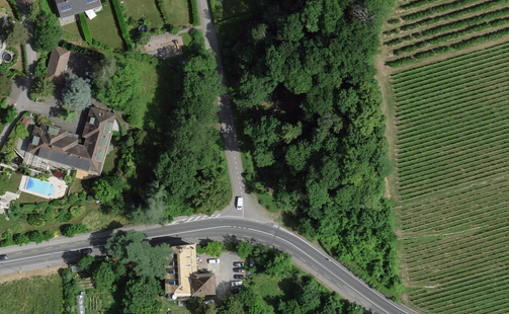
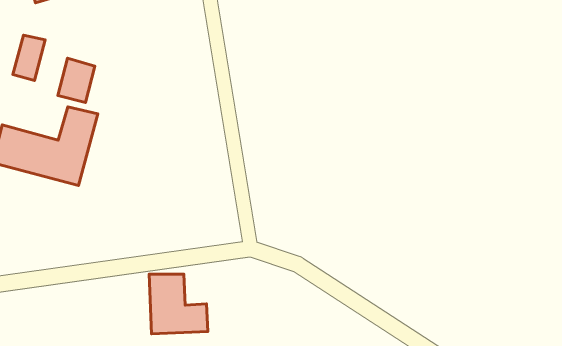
building: none -> [58,58,95,103]

